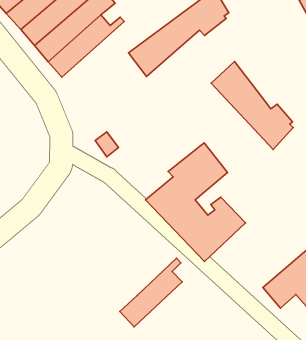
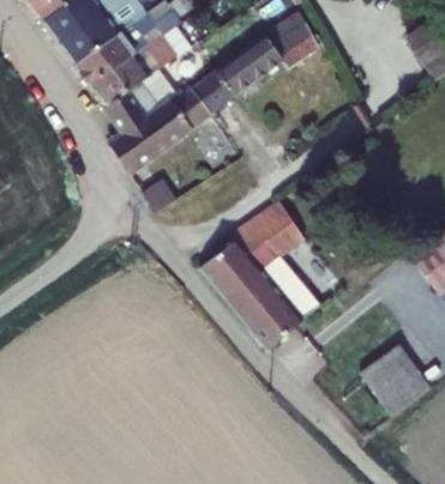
building: none -> [106,81,214,173]
building: [211,62,293,149] -> none
building: [120,258,182,327] -> none

